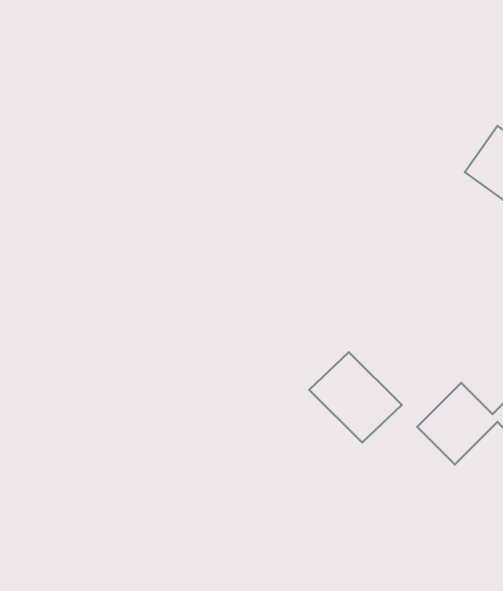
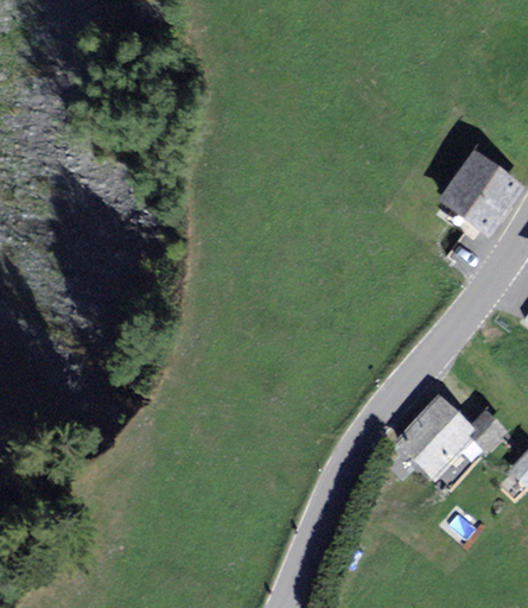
building: [309,352,402,443] -> none

